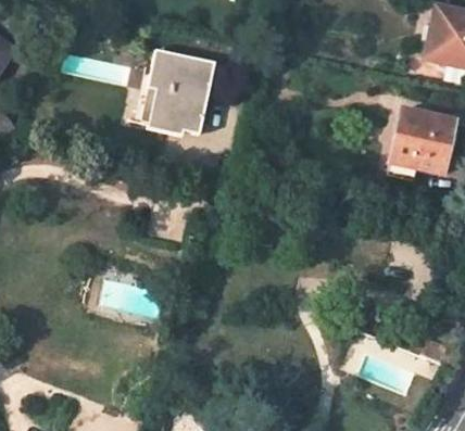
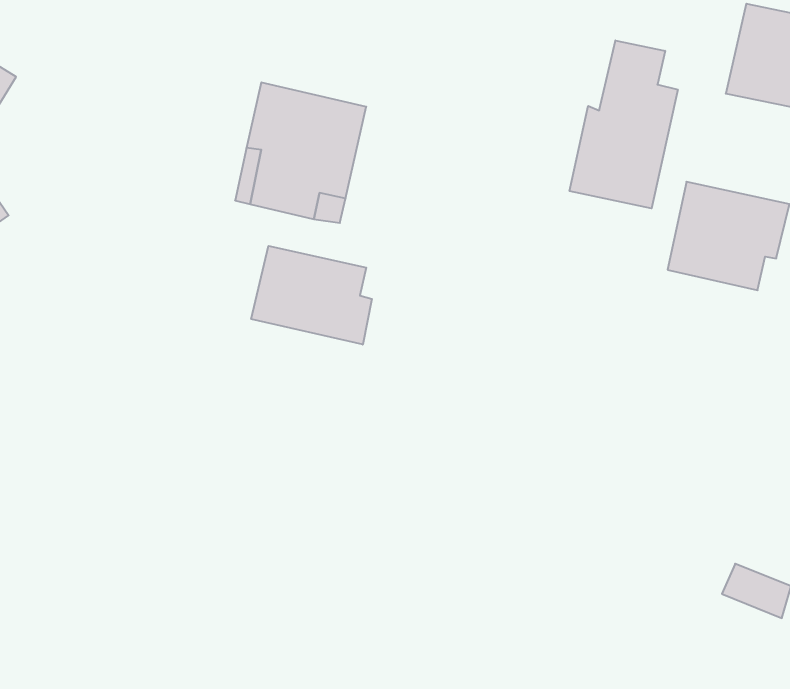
building: none -> [570,40,678,208]
building: none -> [251,246,372,345]

